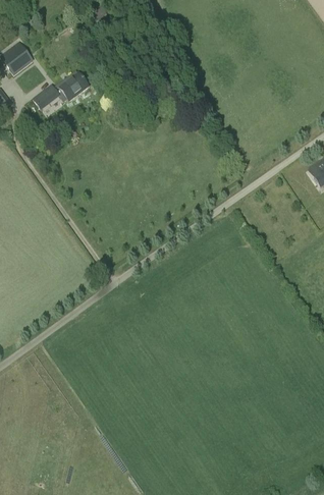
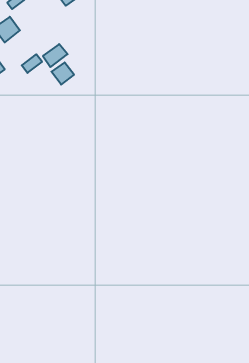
building: none -> [51,62,74,85]

